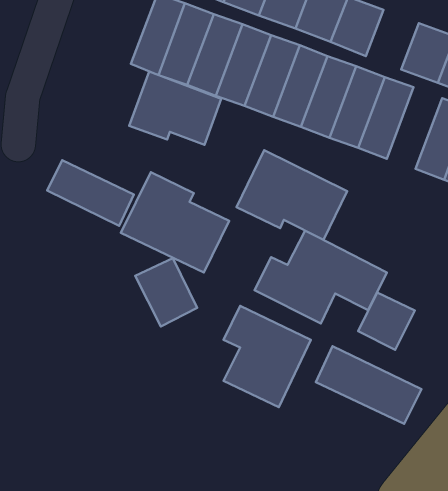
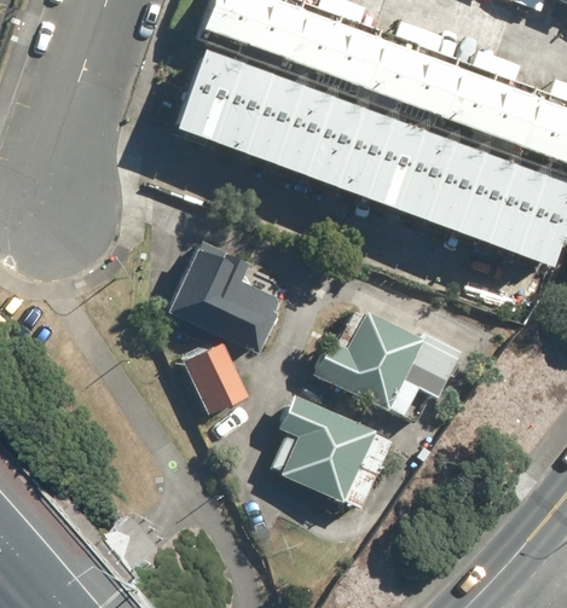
building: none -> [436,68,494,133]
building: [129,72,221,145] -> none
building: none -> [459,152,520,242]
building: [237,150,347,240] -> none
building: [47,160,134,226] -> none
building: [358,292,415,350] -> none
building: [316,346,422,424] -> none

